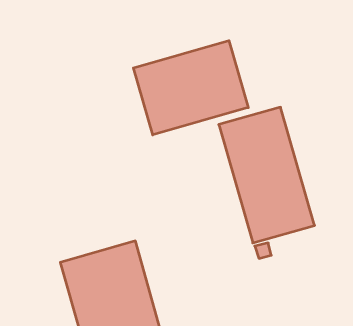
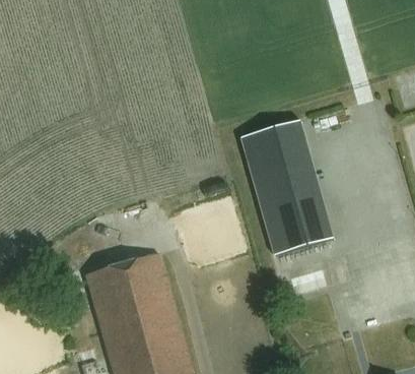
building: [133,41,248,135] -> none

